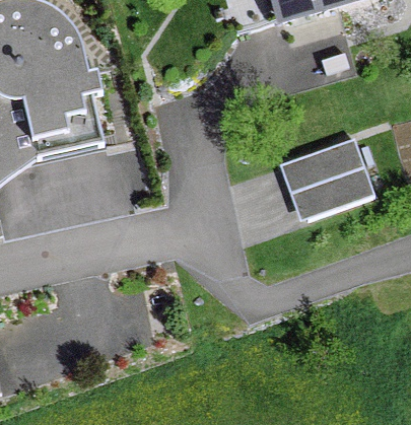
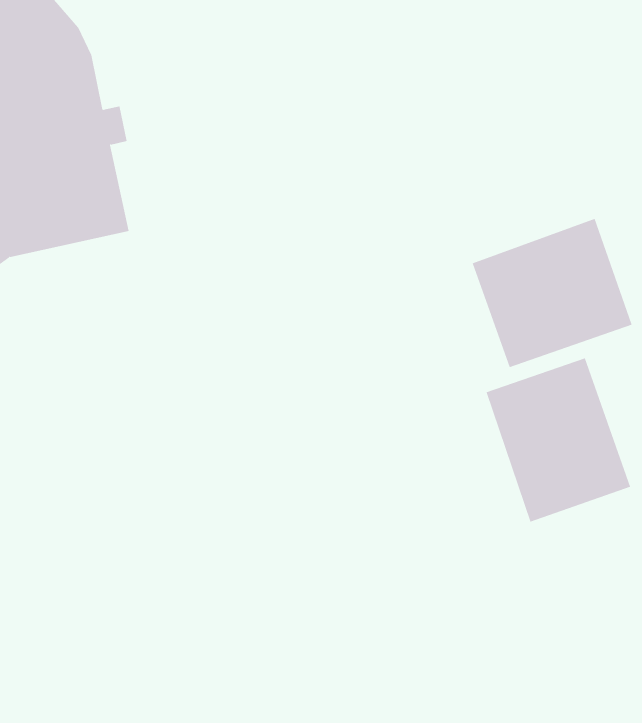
building: none -> [486,358,631,523]

